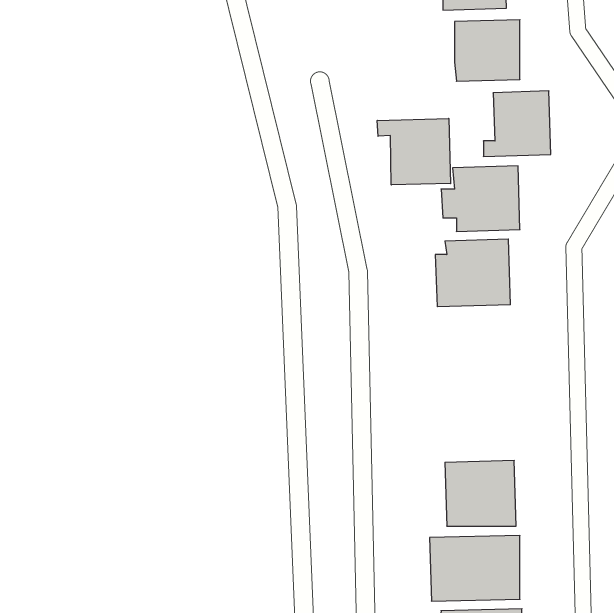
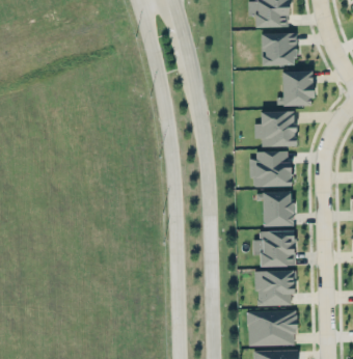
building: [377,118,451,185] -> none
building: none -> [262,191,294,226]
building: none -> [253,230,296,267]

